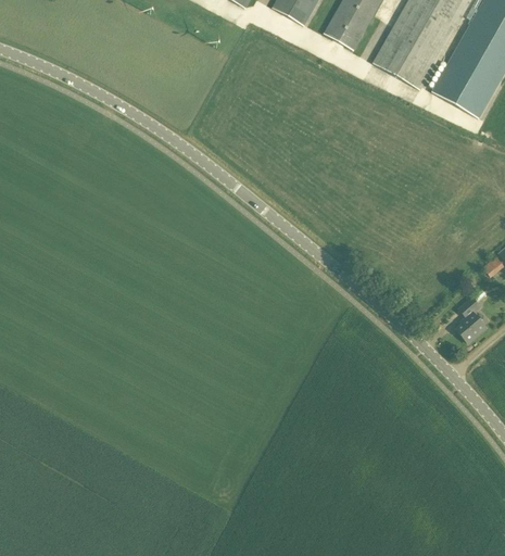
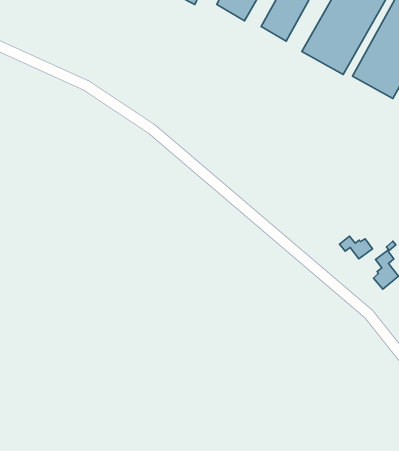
building: none -> [340,236,373,259]

